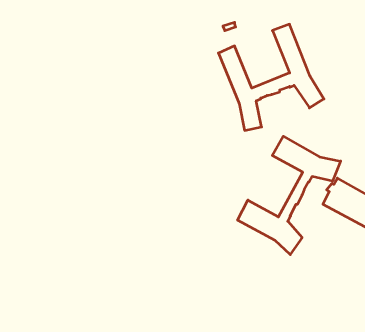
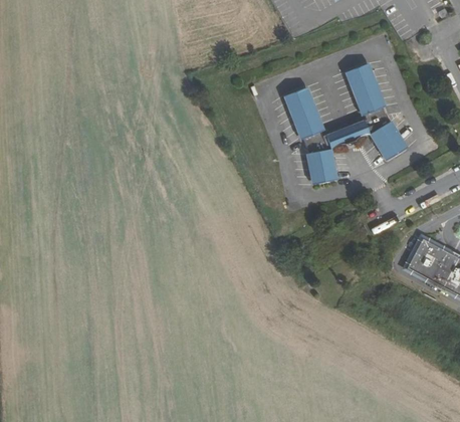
building: [238,136,341,255] -> none

